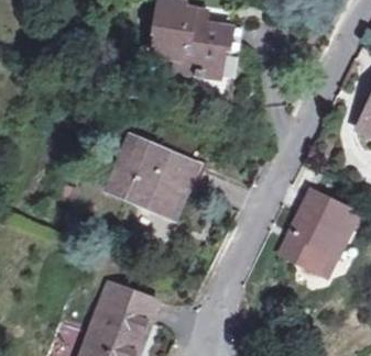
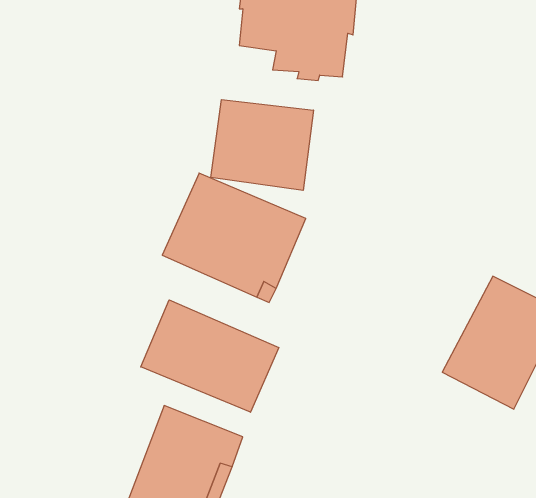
building: none -> [211,100,313,190]
building: none -> [141,300,279,412]

